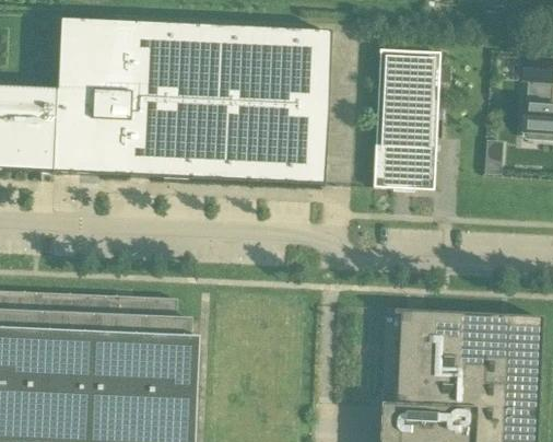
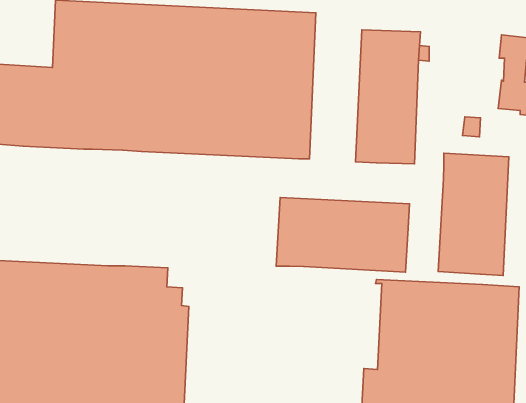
building: none -> [438,153,509,275]
building: none -> [276,198,409,272]

